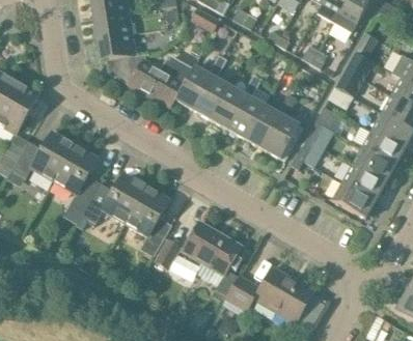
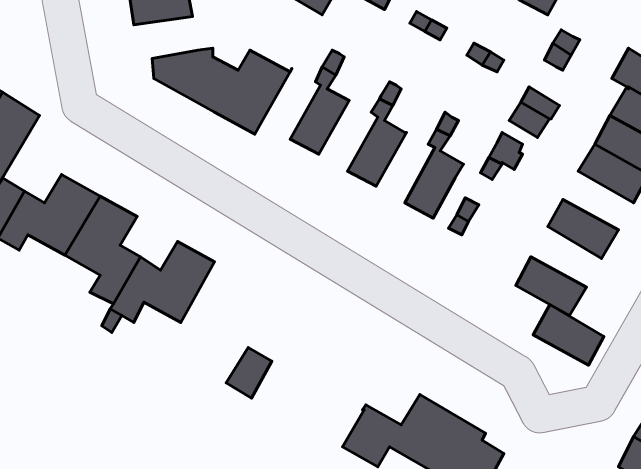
building: [97,34,136,61] -> none
building: [175,66,212,110] -> none
building: [211,86,247,130] -> none
building: [246,106,282,149] -> none
building: [361,130,405,166] -> none
building: [341,164,385,201] -> [533,305,604,365]
building: [126,186,172,257] -> none
building: [183,222,241,302] -> none

